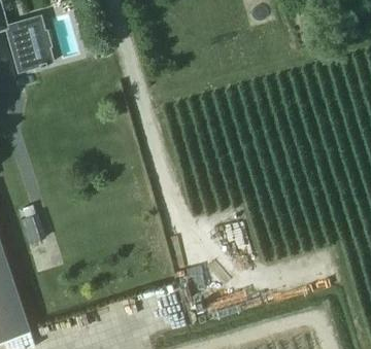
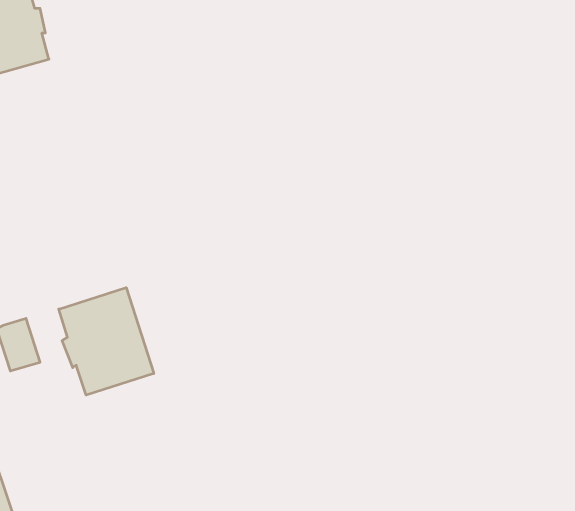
building: none -> [59,288,154,395]

